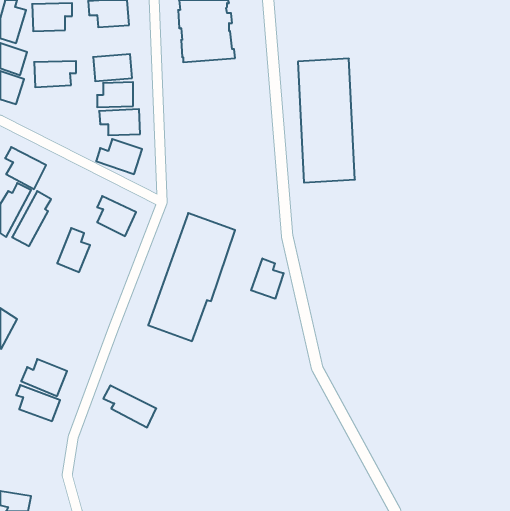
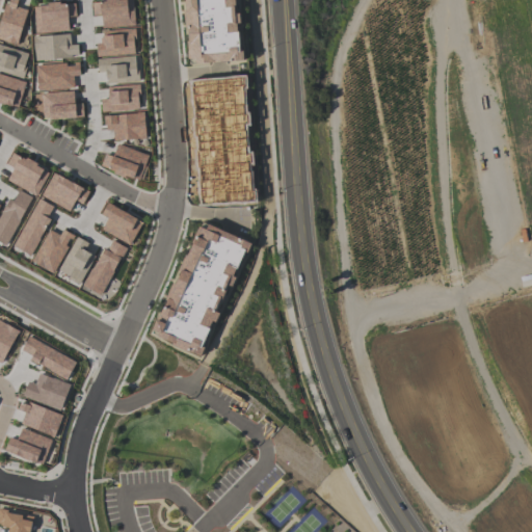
building: none -> [97,30,135,56]
building: none -> [33,34,79,60]
building: [298,59,355,183] -> [193,76,252,205]
building: none -> [43,91,84,118]
building: none -> [41,172,90,212]
building: none -> [31,230,75,275]
building: none -> [85,239,125,295]
building: [251,258,284,299] -> none
building: [103,385,156,427] -> [22,337,77,380]
building: none -> [5,428,53,466]

